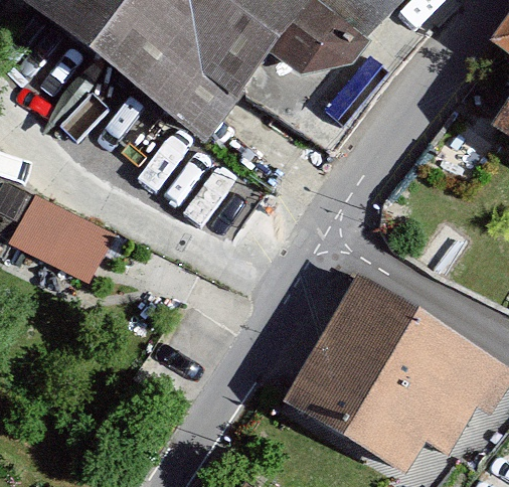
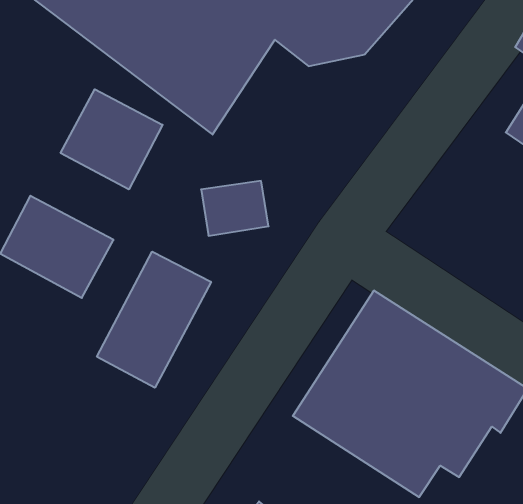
building: none -> [61,89,163,189]
building: none -> [97,252,211,388]

